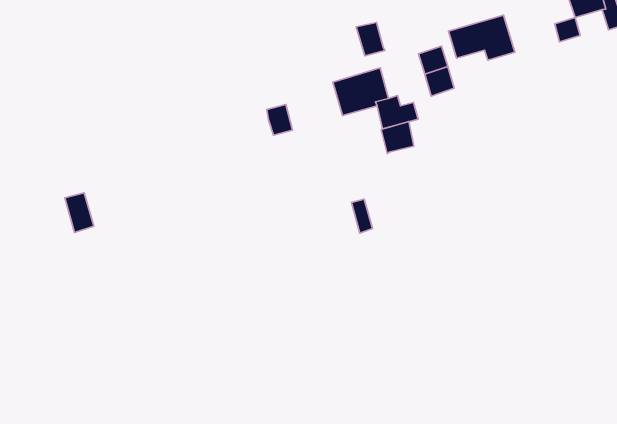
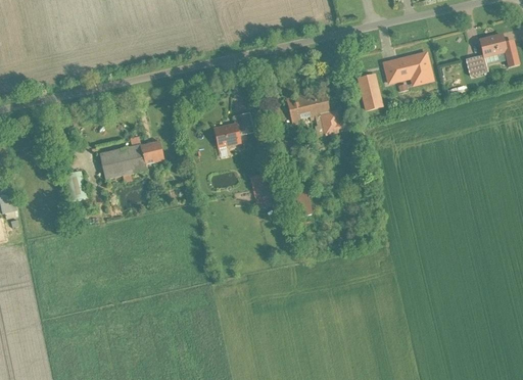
building: [356,23,385,56] -> none
building: none -> [213,123,241,149]
building: [381,122,414,153] -> none
building: none -> [100,133,163,180]

